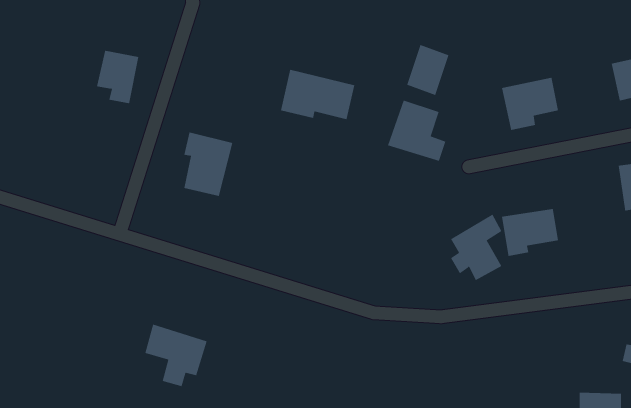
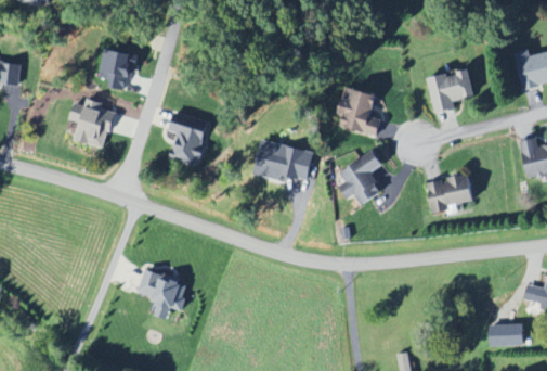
building: [407,44,449,96] -> none
building: [280,69,355,120] -> [253,140,314,181]
building: none -> [69,98,114,148]
building: [450,214,502,281] -> [340,151,382,205]

